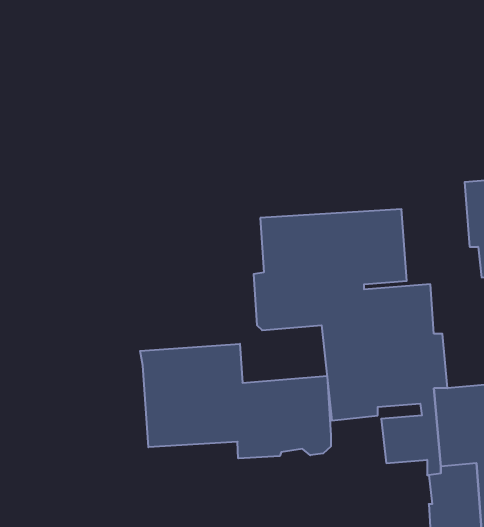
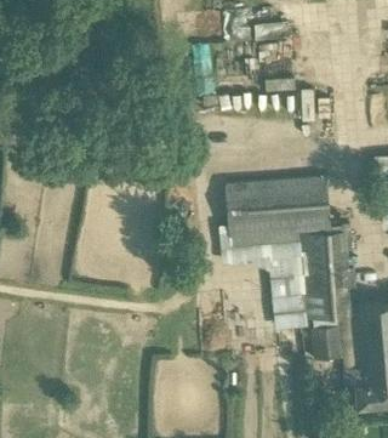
building: [140,344,331,458] -> none

